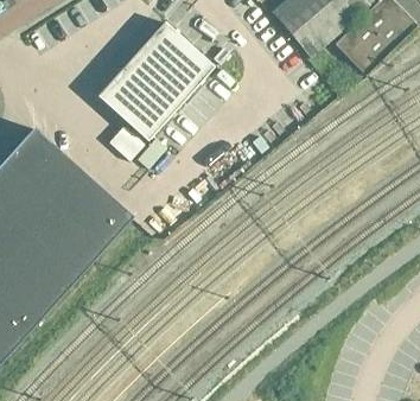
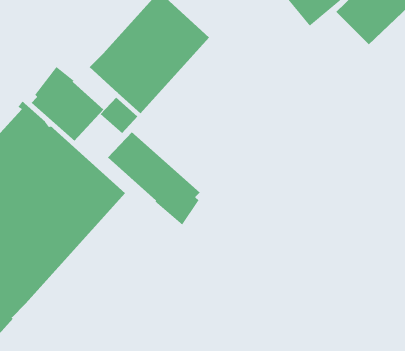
building: none -> [31,66,104,142]
building: none -> [107,131,201,225]

